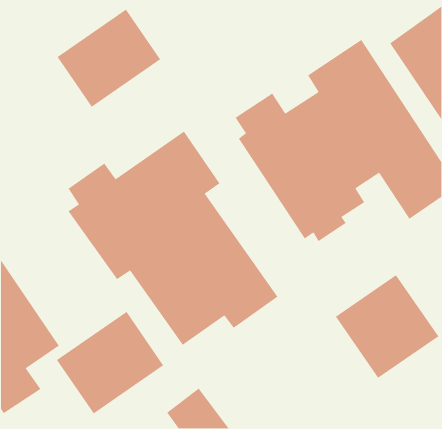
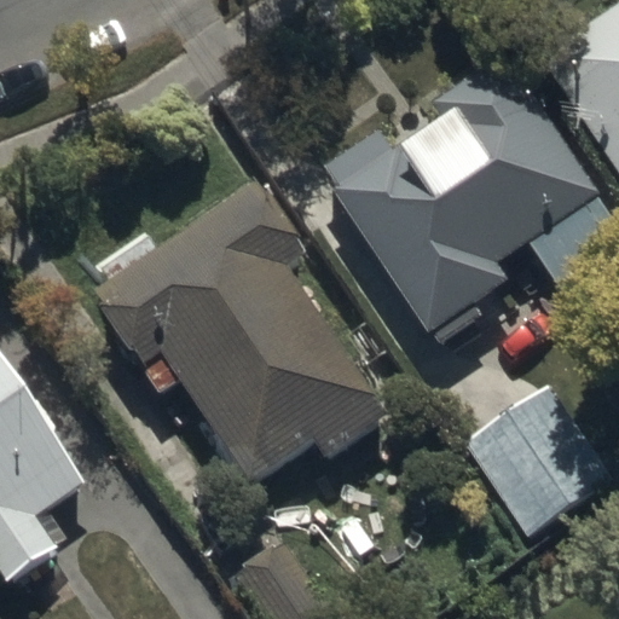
building: [56,8,161,108] -> none
building: [56,311,164,414] -> none

